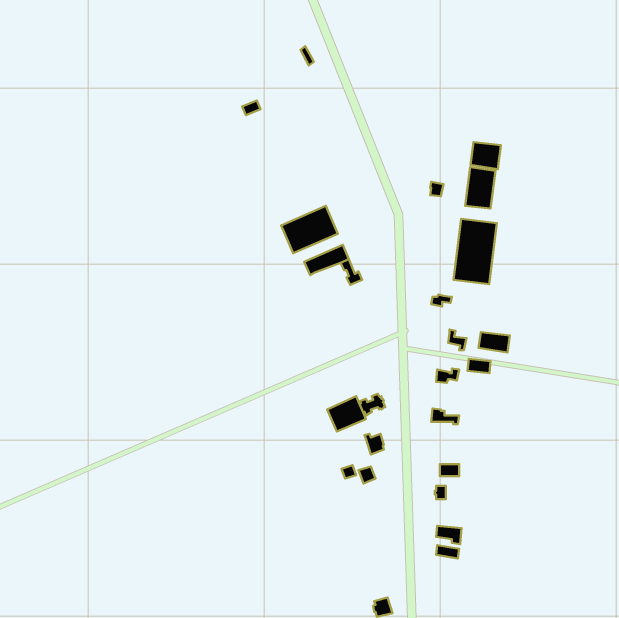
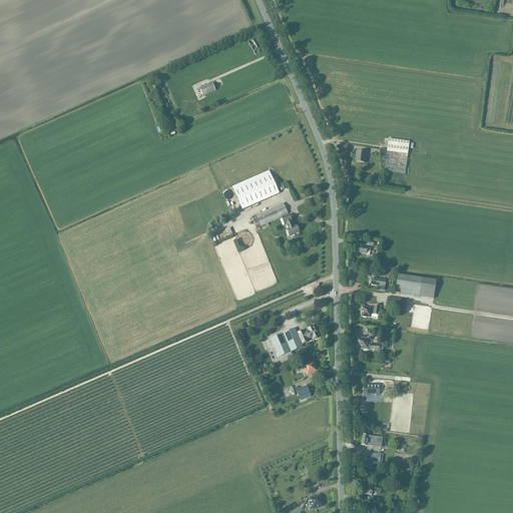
building: [470,142,501,169] -> none
building: [454,219,497,284] -> none

